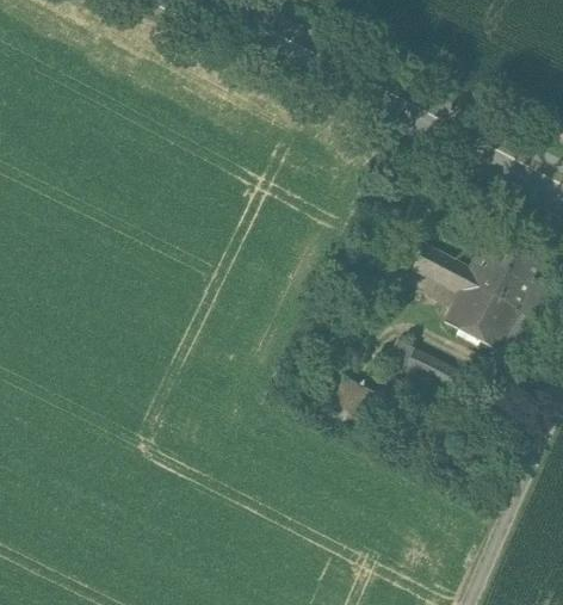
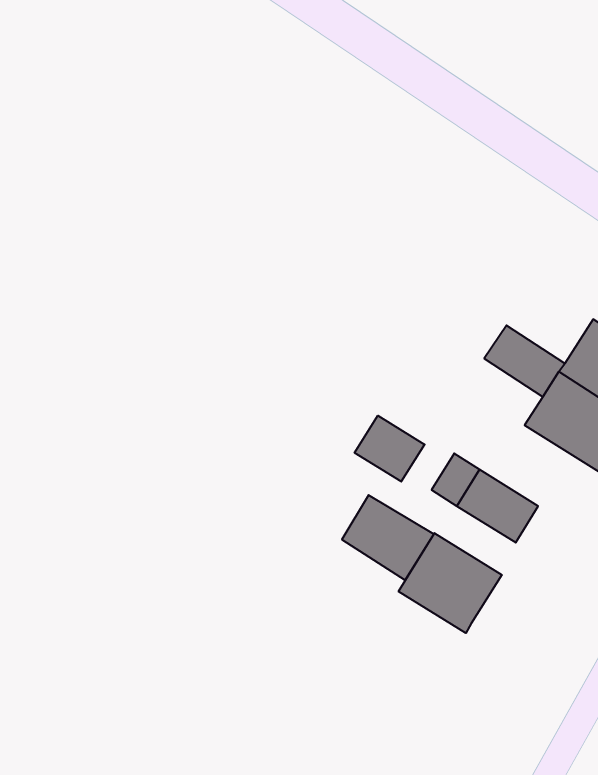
building: none -> [355,416,425,482]
building: none -> [399,533,502,633]

